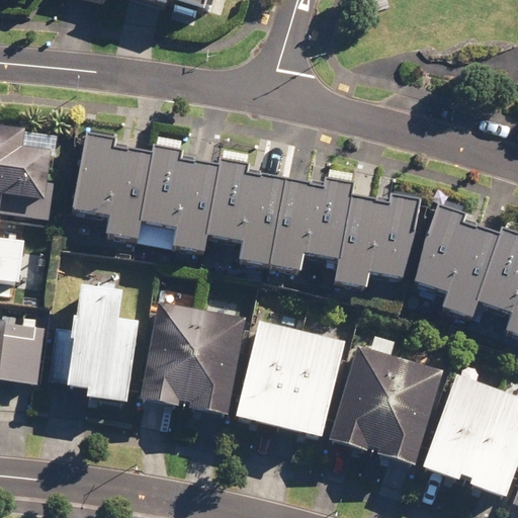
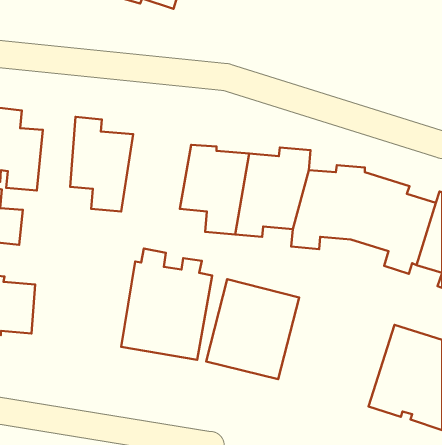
building: [140,148,221,250] -> none
building: [47,287,139,403] -> none
building: [332,349,442,467] -> none

